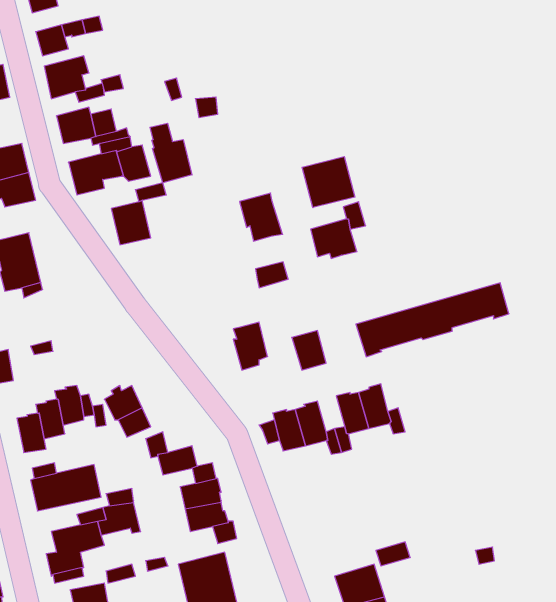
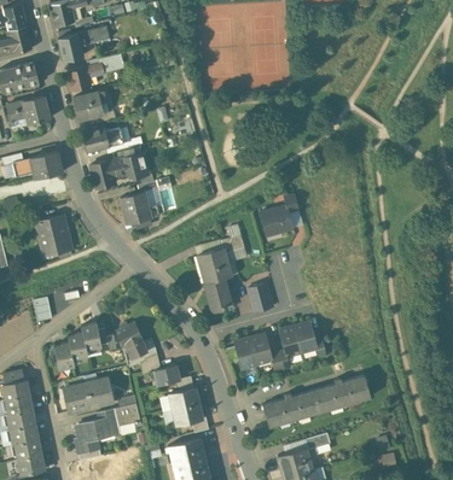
building: [150,123,192,183] -> none
building: [302,157,355,208] -> none
building: [240,193,283,241] -> [201,247,231,281]
building: [356,283,509,357] -> [262,375,370,427]

